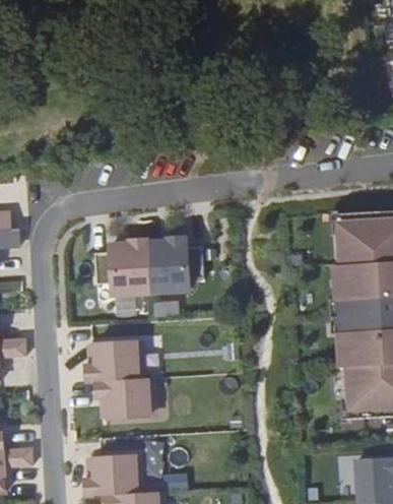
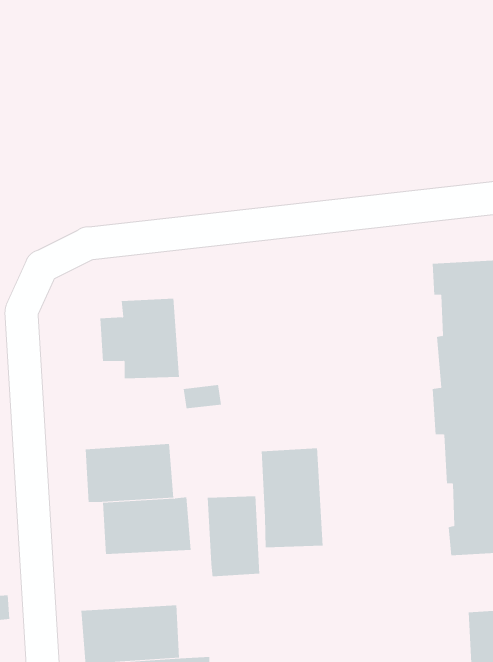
building: [146,236,203,294] -> none
building: none -> [261,447,323,548]
building: none -> [207,495,260,577]

